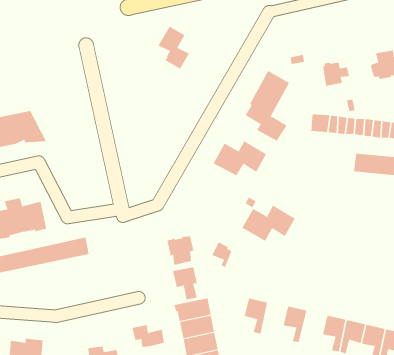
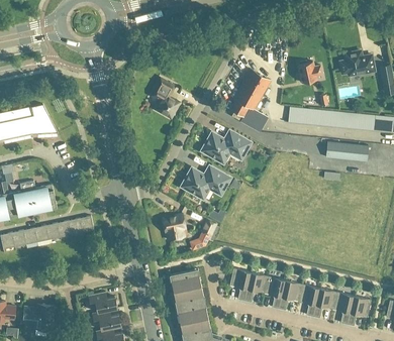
building: [158,26,190,70] -> [151,79,179,117]
building: [241,205,296,242] -> [182,166,229,199]
building: [172,266,198,300] -> none
building: none -> [244,273,268,303]
building: none -> [278,280,302,311]
building: [131,324,165,347] -> [88,293,117,313]

